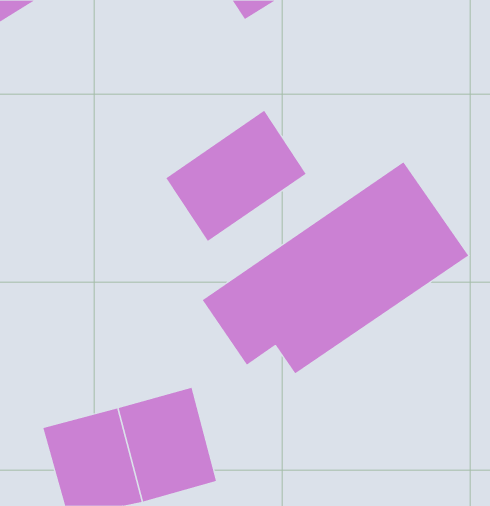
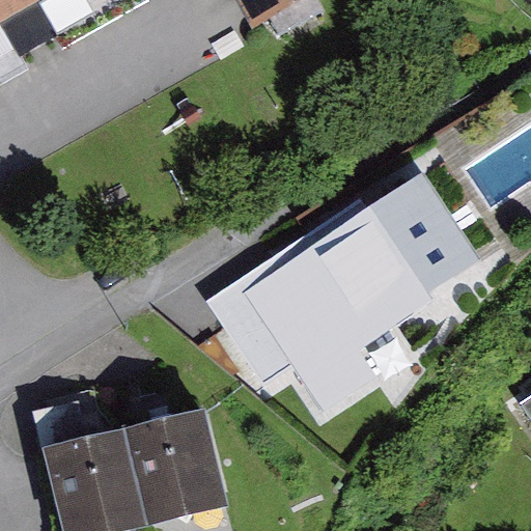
building: [165,110,306,242] -> none

